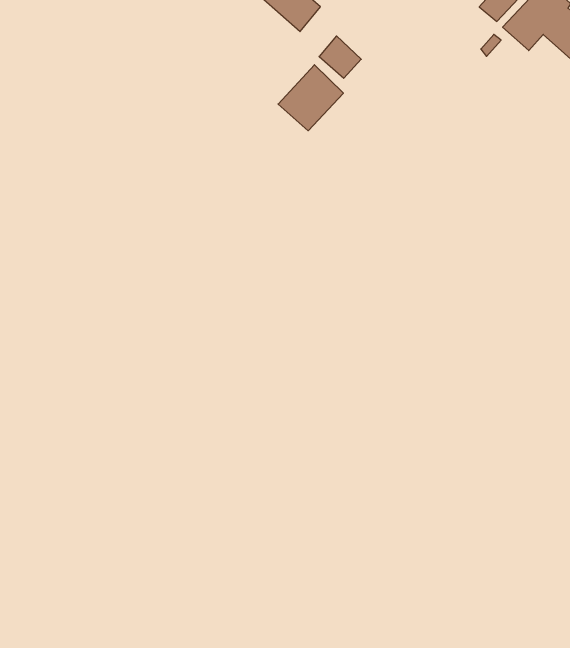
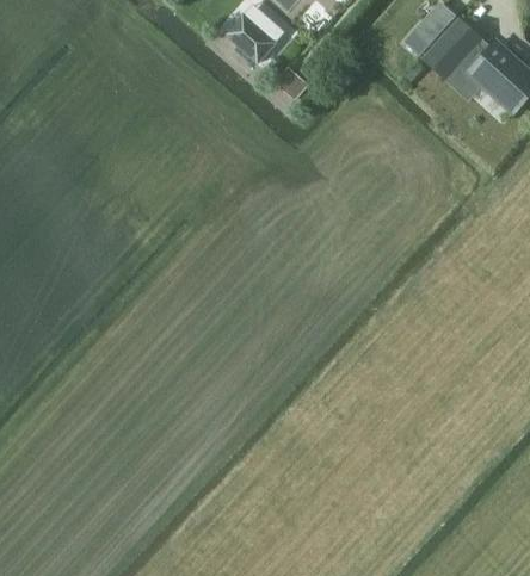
building: [278,65,343,131] -> none

